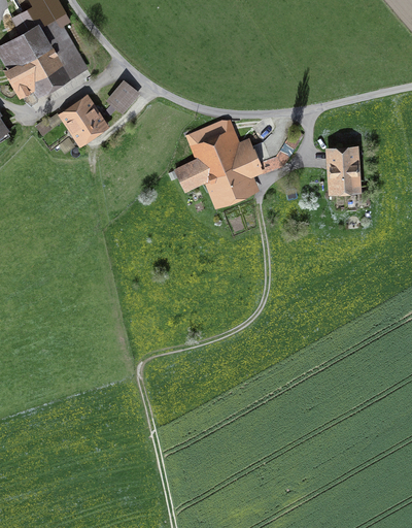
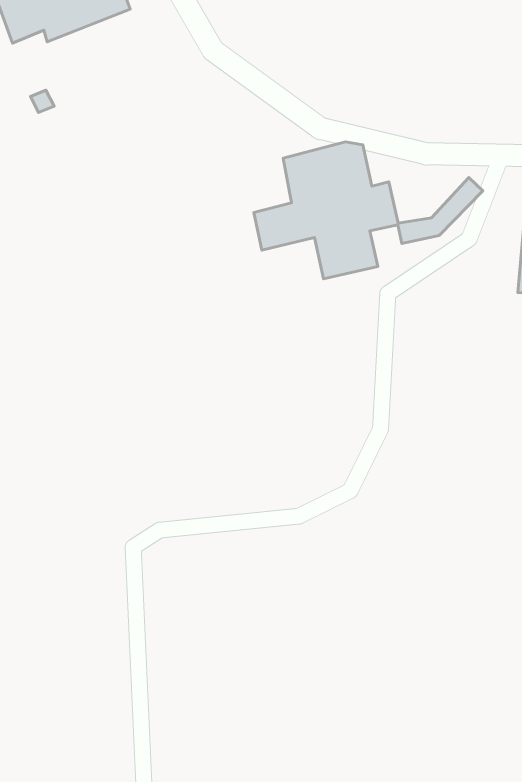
building: [109,84,137,112] -> none
building: [63,100,104,141] -> none

